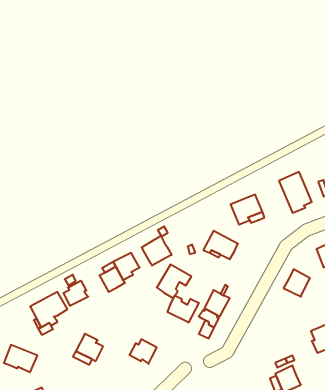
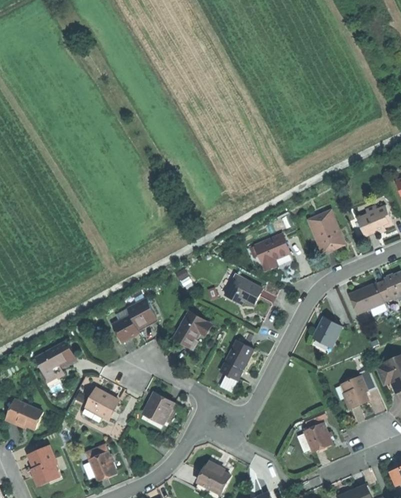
building: [142,236,172,266] -> none
building: [63,281,88,306] -> none
building: [168,296,199,323] -> none

